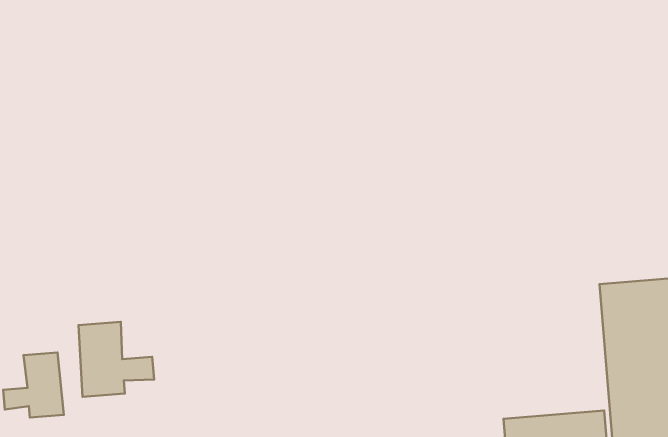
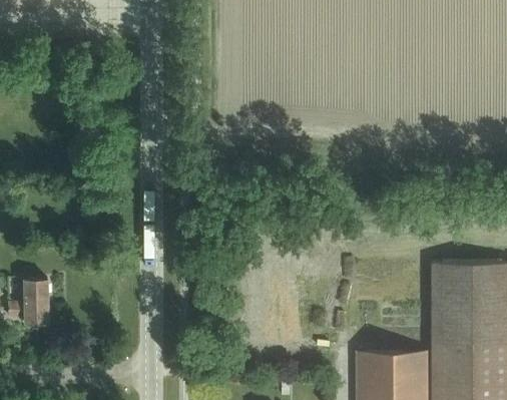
building: [78,322,154,397] -> none

